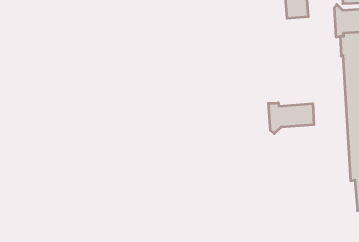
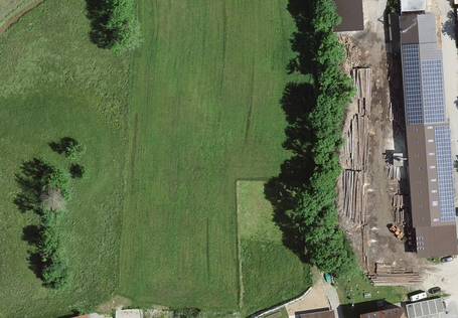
building: [268,103,314,134] -> none

